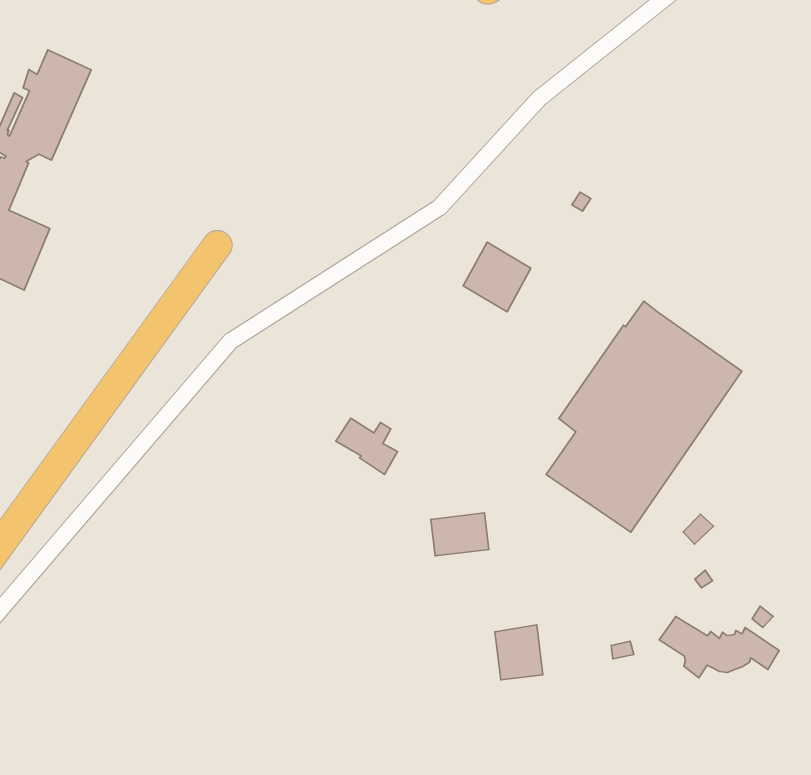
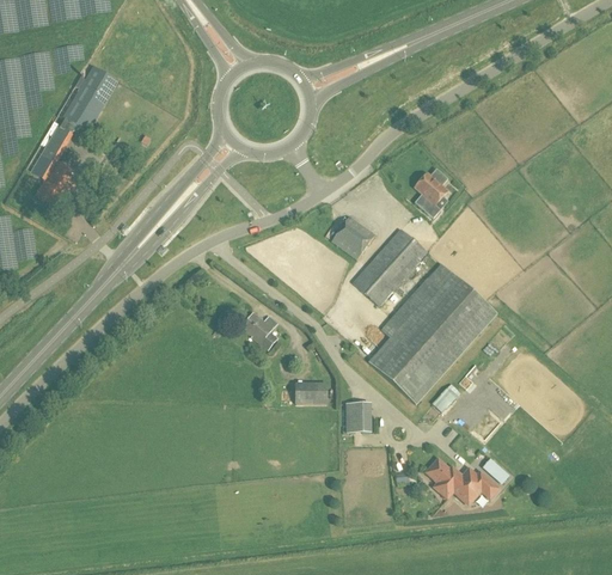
building: none -> [415,169,447,218]
building: none -> [353,228,427,306]
building: [495,625,543,680] -> [345,402,372,433]

